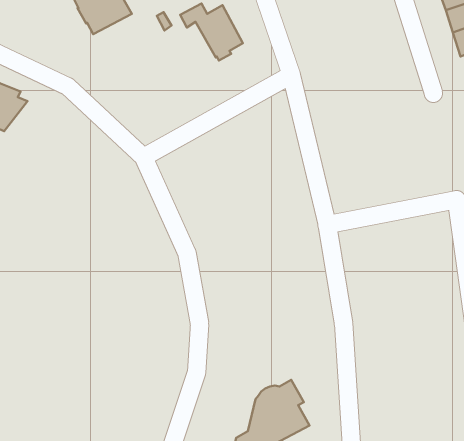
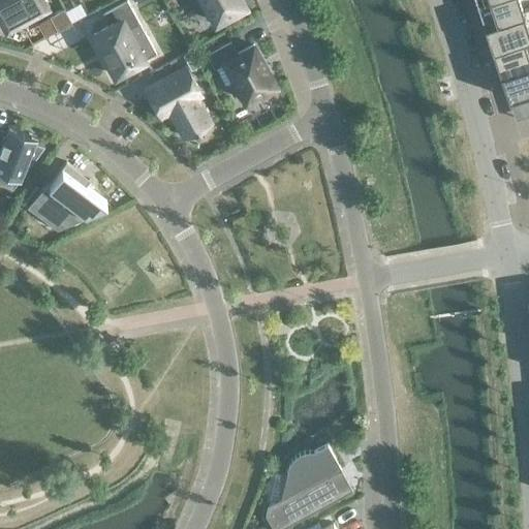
building: none -> [146,69,210,139]
building: none -> [27,164,106,231]

